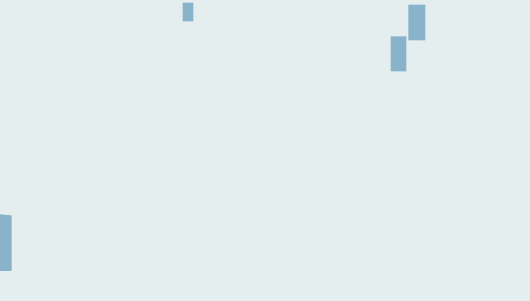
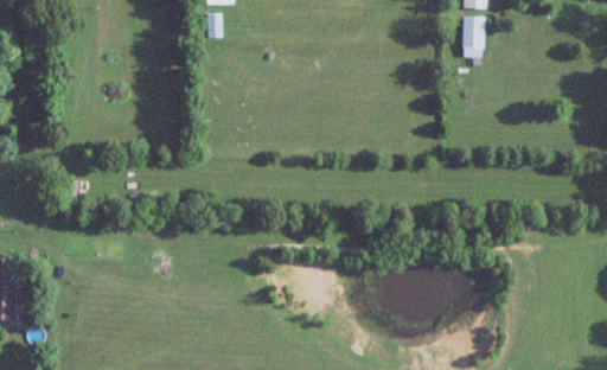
building: [390,35,407,72] -> none

